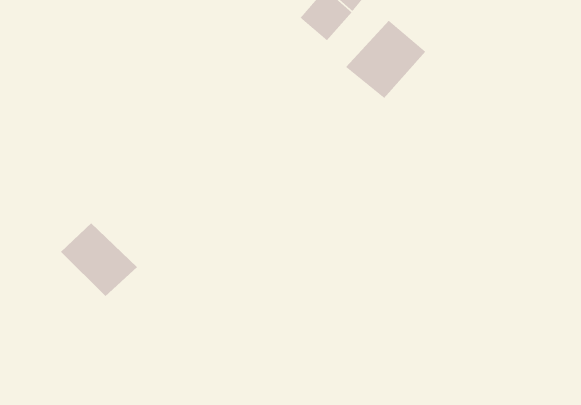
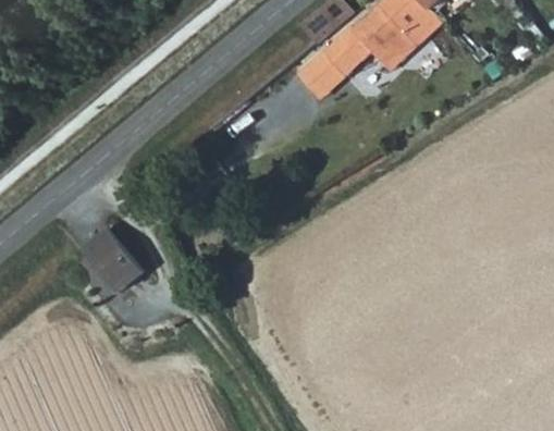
building: [345,20,426,99] -> none

